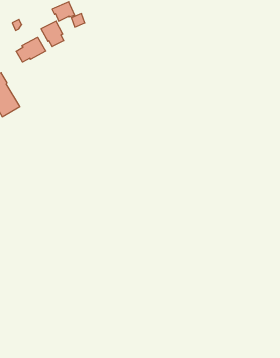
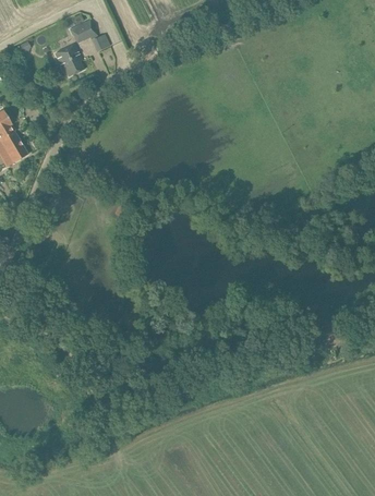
building: [16,37,46,62] -> none

